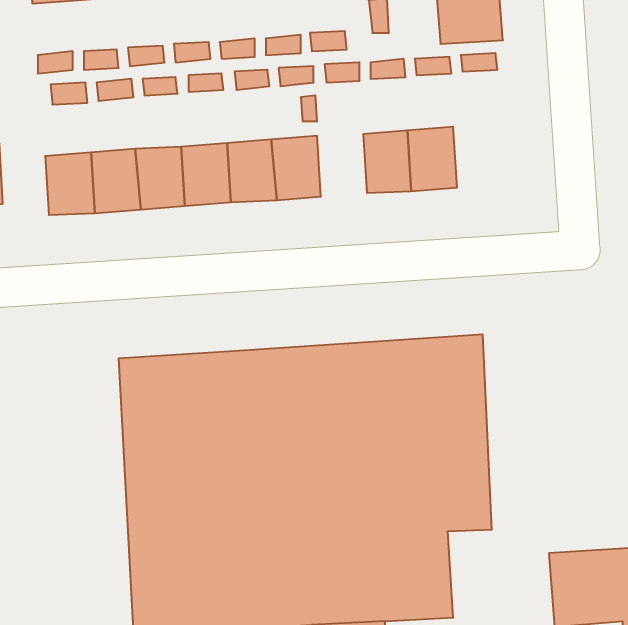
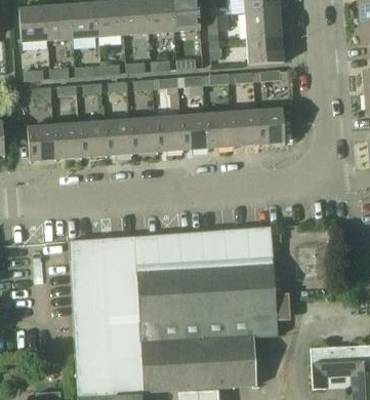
building: none -> [255,110,283,145]
building: none -> [179,115,207,150]

